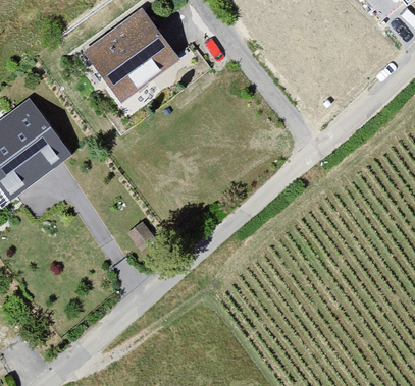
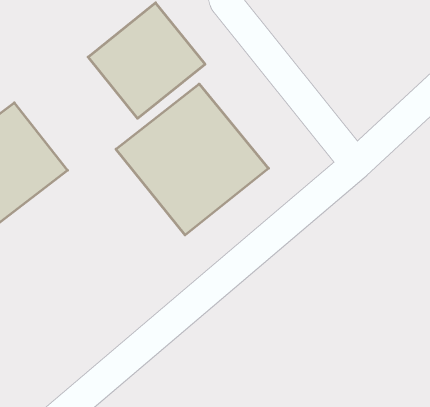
building: none -> [116,84,269,235]

